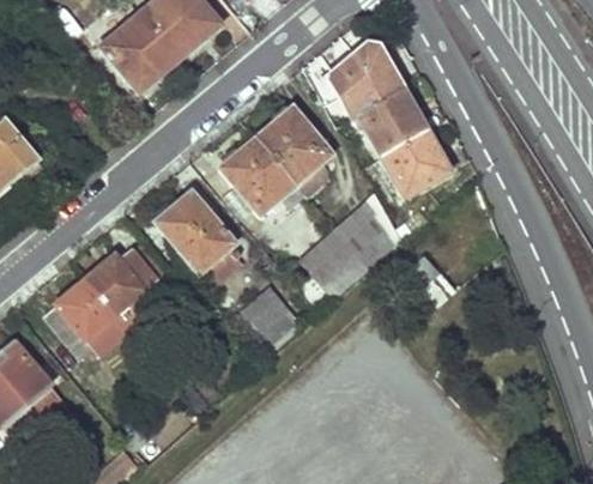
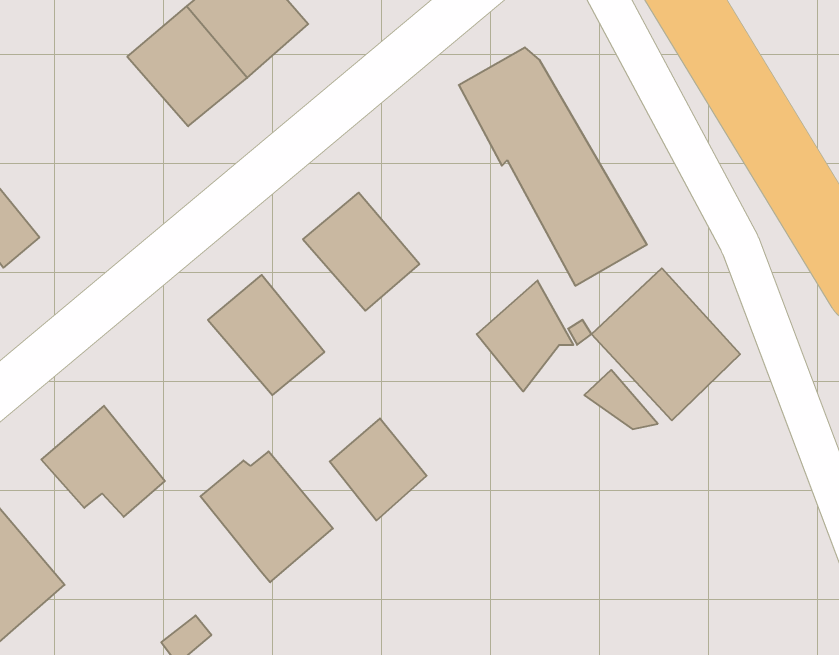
building: [256,105,332,182] -> none
building: none -> [591,268,740,420]
building: [302,229,367,296] -> none
building: [86,247,175,334] -> [200,451,333,582]

